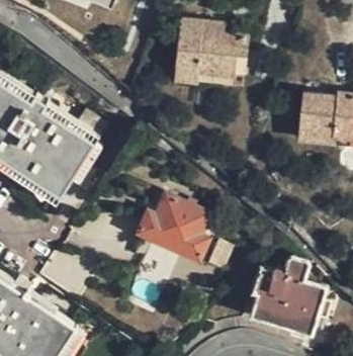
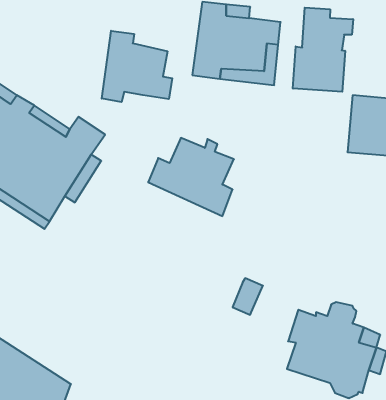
building: none -> [293,8,353,92]
building: none -> [102,31,172,102]
building: [138,200,206,263] -> [148,138,234,216]

